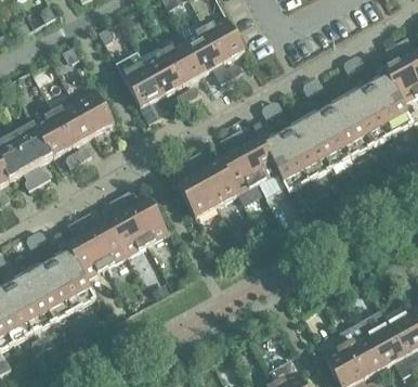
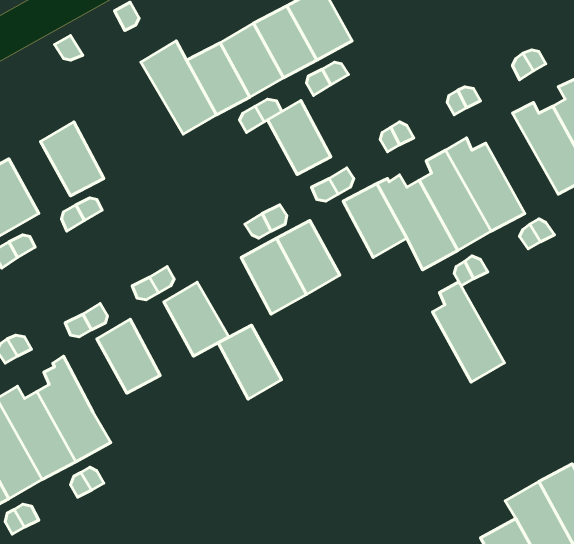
building: [74,89,114,136] -> none
building: [327,95,371,157] -> [432,282,505,382]
building: [34,113,71,157] -> none
building: [219,150,258,195] -> [267,101,331,175]
building: [108,211,147,257] -> [218,325,282,399]
building: [67,234,106,280] -> none

